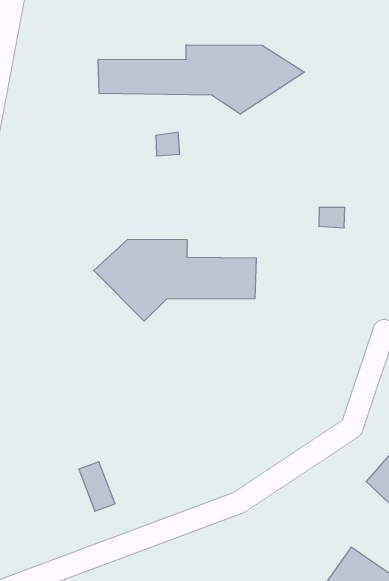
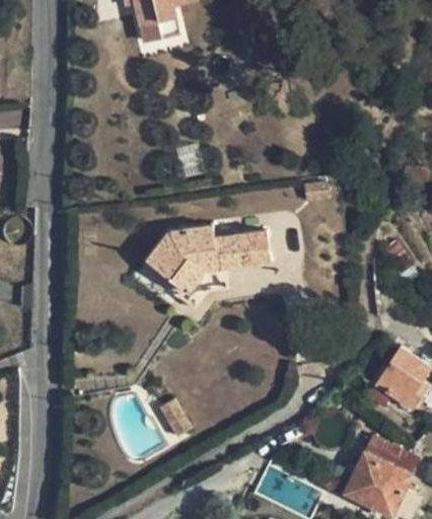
building: [98,45,305,114] -> none

